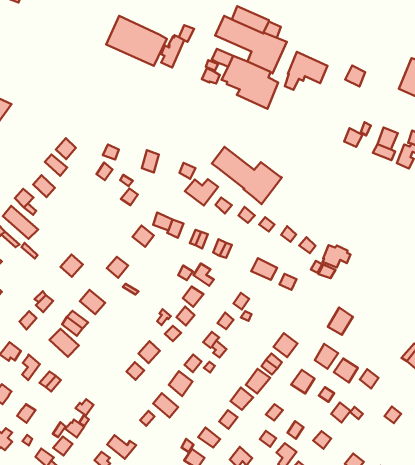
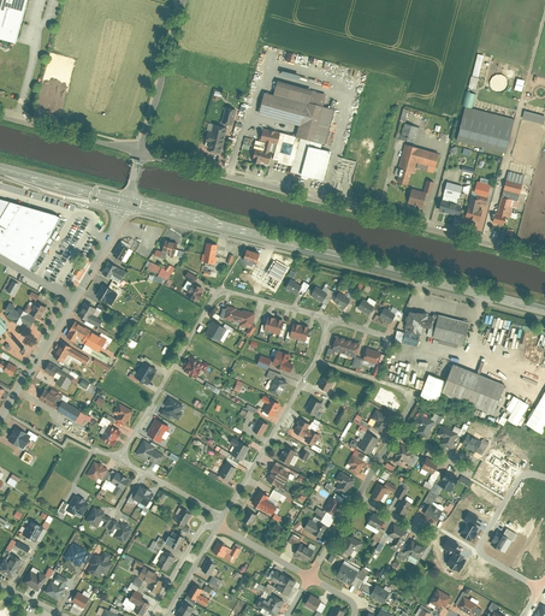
building: [106,16,167,66] -> none
building: [285,52,328,90] -> [397,144,438,184]
building: [212,147,282,204] -> none
building: none -> [432,315,468,346]
building: none -> [442,365,503,415]

